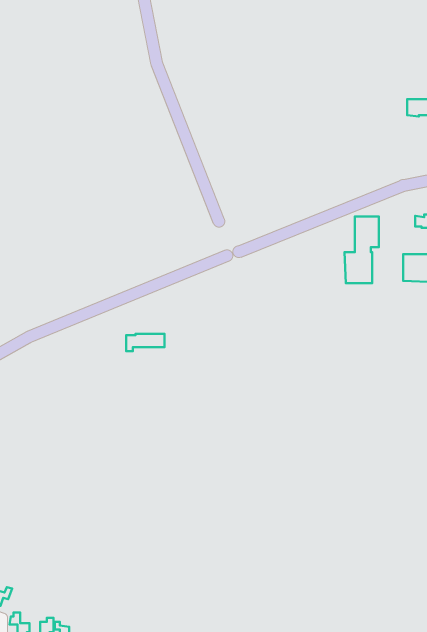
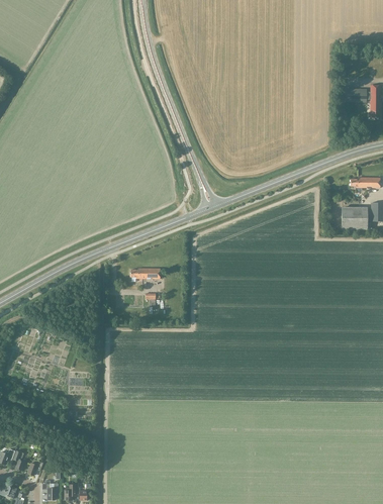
building: [344,216,379,283] -> none

